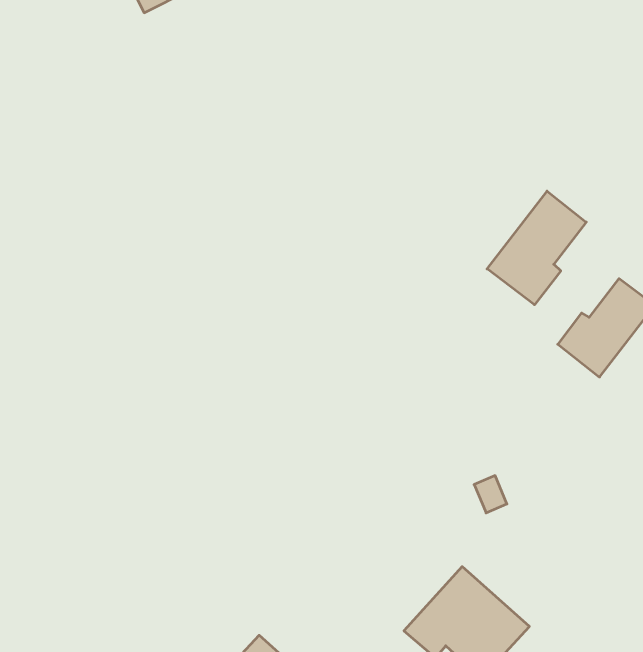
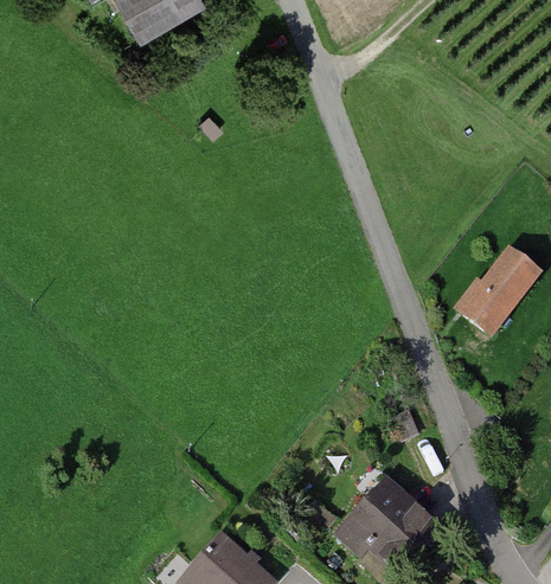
building: [487,191,586,305] -> none

